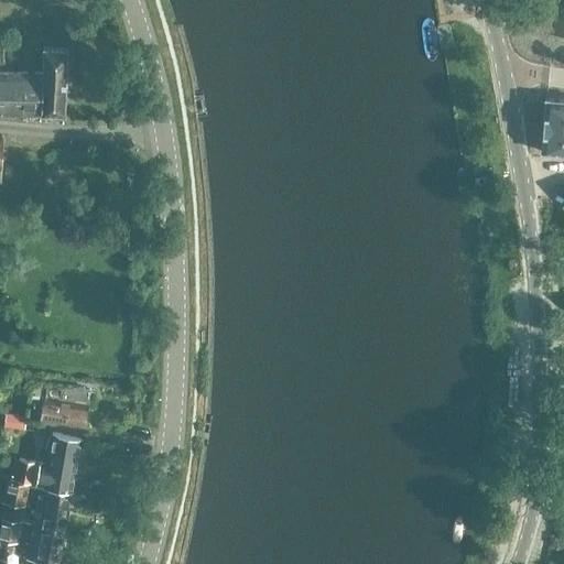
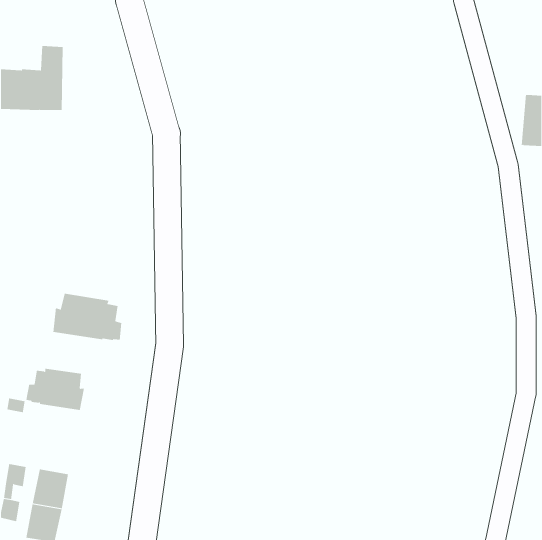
building: none -> [53,293,122,341]
building: [15,435,82,491] -> none

